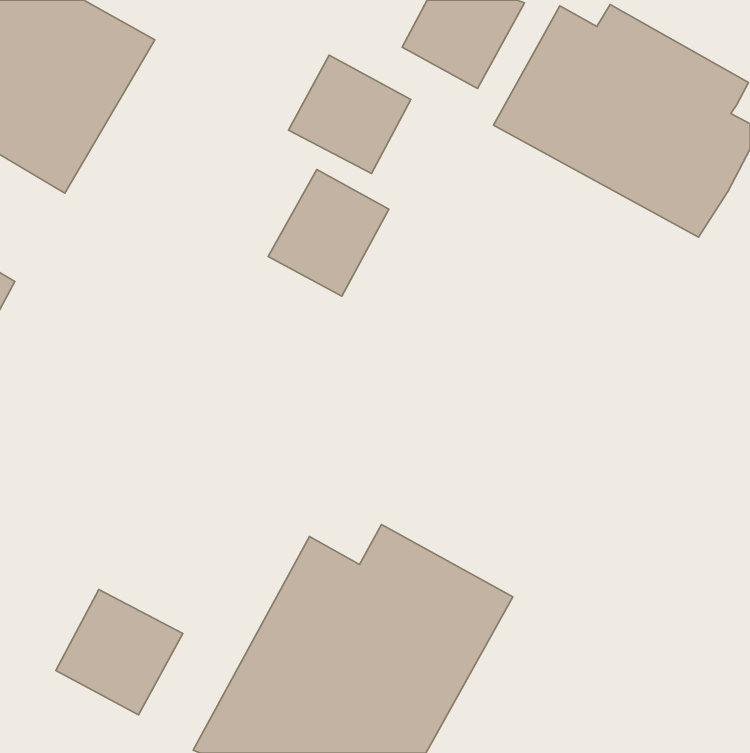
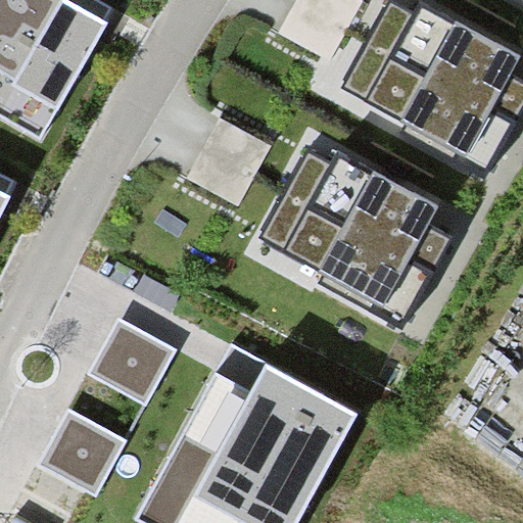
building: [288,55,411,173] -> none
building: none -> [263,150,446,318]
building: none -> [88,319,176,405]

